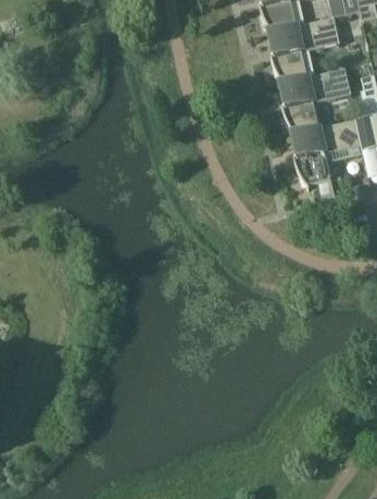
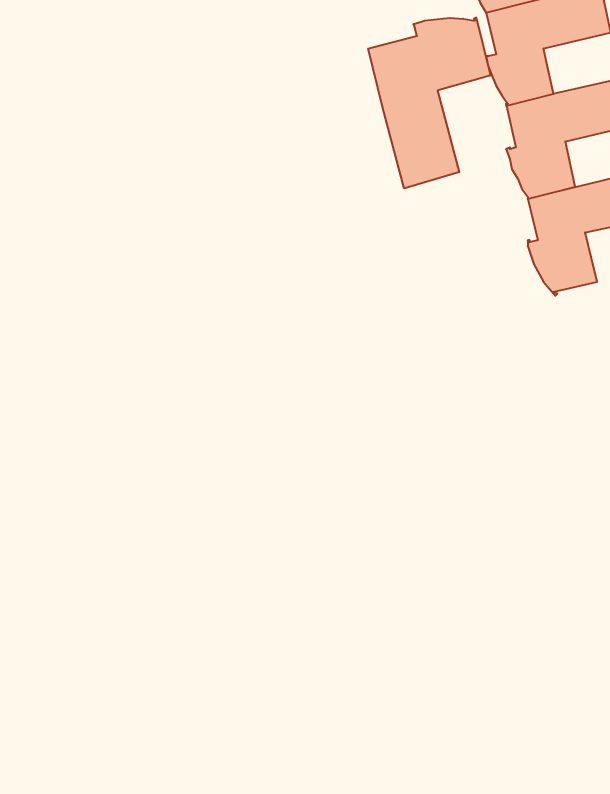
building: none -> [368,17,491,188]

